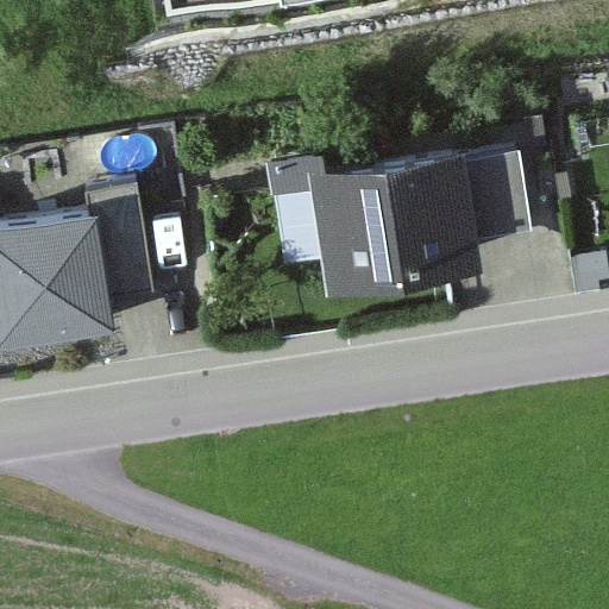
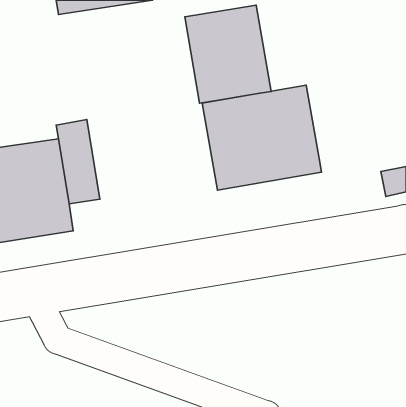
building: none -> [185,5,271,103]
building: [452,147,520,244] -> none

